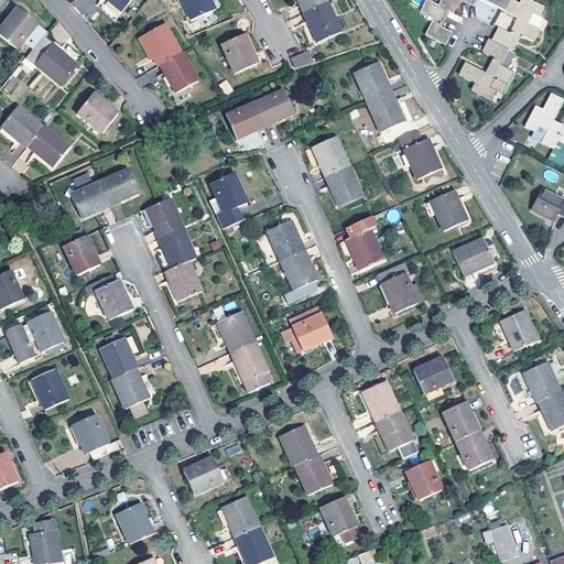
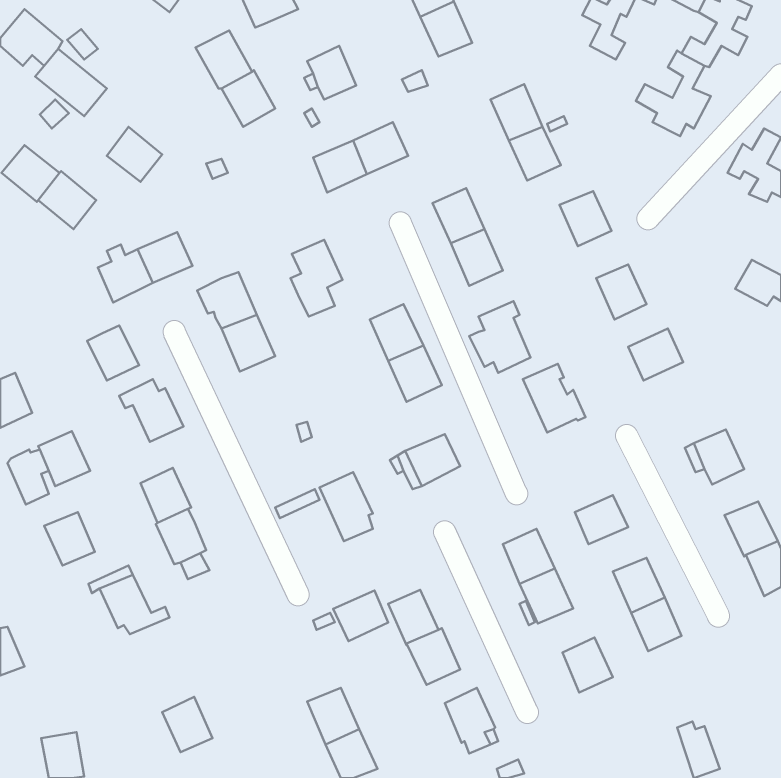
building: [164,261,202,301] -> none
building: [217,311,254,351] -> none
building: [183,456,223,492] -> [333,591,388,641]

